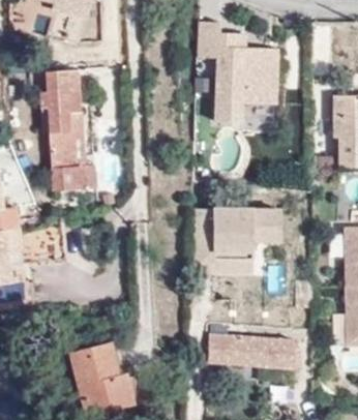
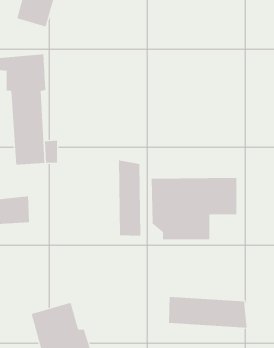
building: [197,20,284,119] -> none
building: none -> [119,160,141,236]

